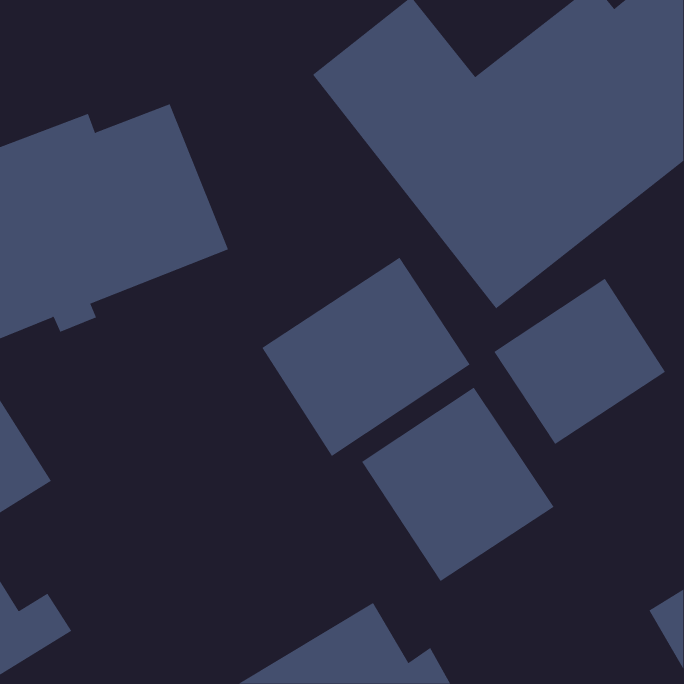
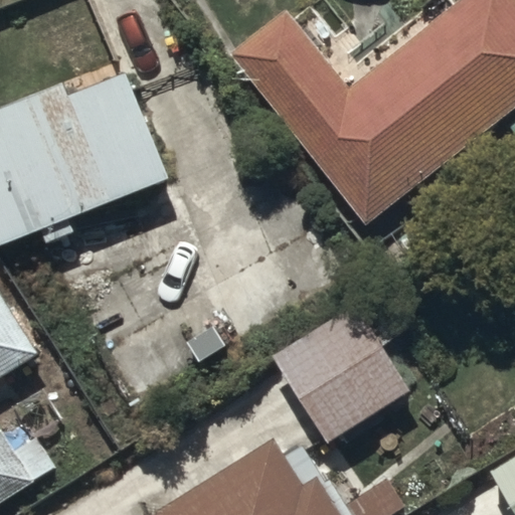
building: [261,257,471,457] -> none
building: [494,278,666,445] -> none

